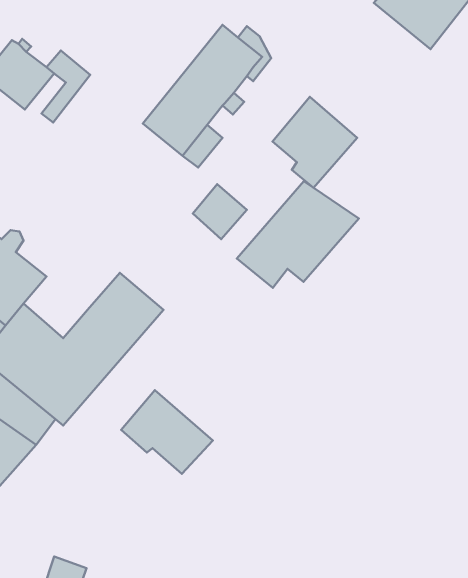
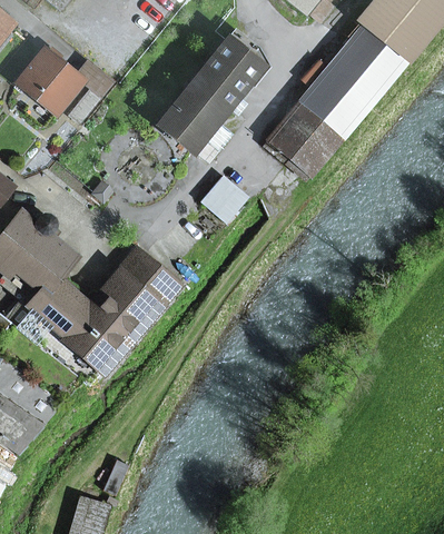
building: none -> [302,23,406,135]
building: [237,181,359,288] -> none
building: [121,390,213,474] -> none

